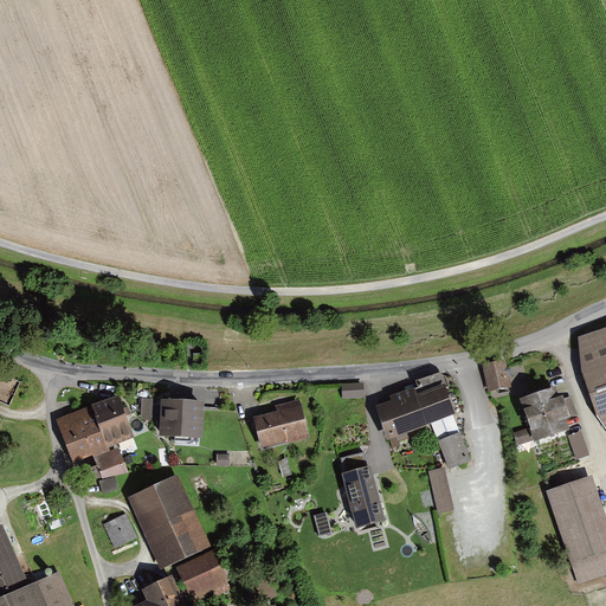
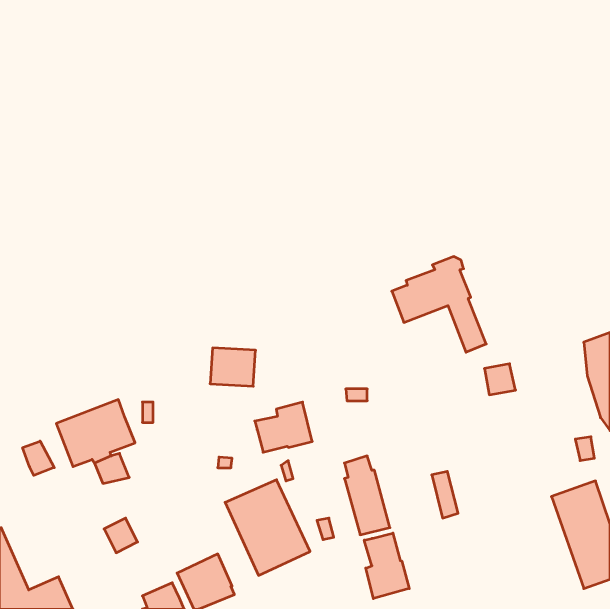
building: [375,373,469,468] -> [392,257,486,352]
building: [514,391,568,443] -> none
building: [159,400,204,438] -> [210,348,256,386]
building: none -> [23,441,54,475]
building: [125,475,209,569] -> [225,480,310,575]
building: none -> [364,533,409,599]

